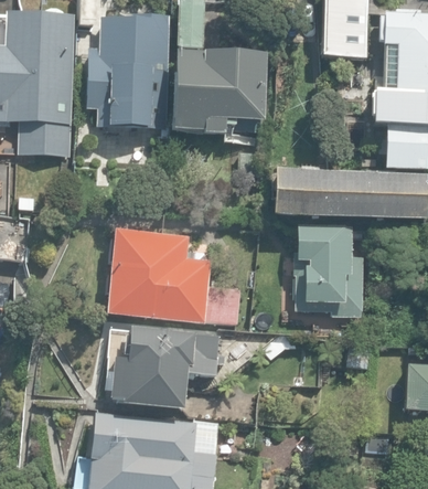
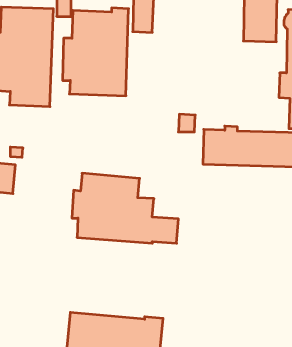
building: [174,51,266,134] -> none
building: [292,226,363,320] -> none
building: [111,325,226,413] -> none

